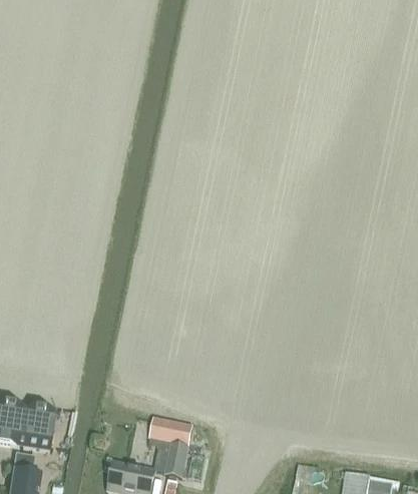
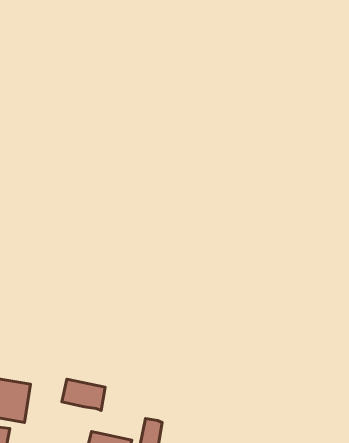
building: [149,418,193,450] -> [62,379,105,411]

